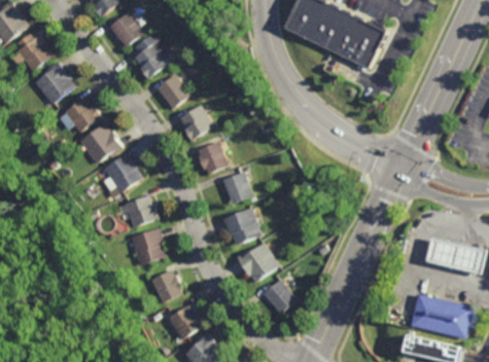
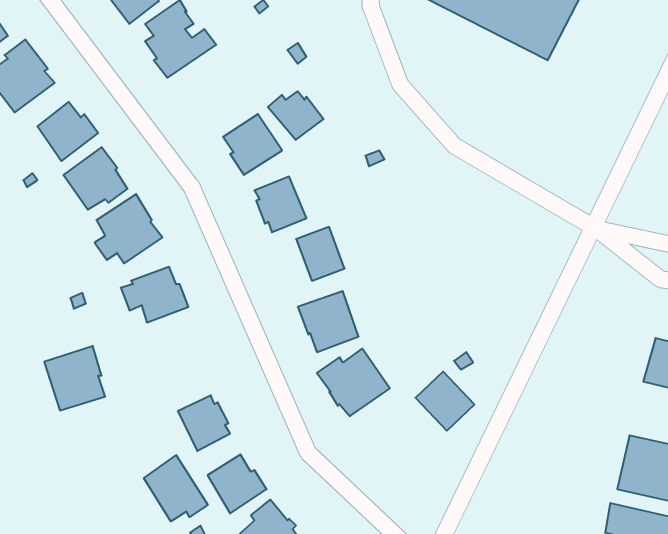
building: [153,78,186,107] -> [268,91,324,140]
building: [129,227,165,265] -> [44,346,105,410]
building: [258,279,293,314] -> [415,372,474,431]
building: none -> [144,455,208,521]

